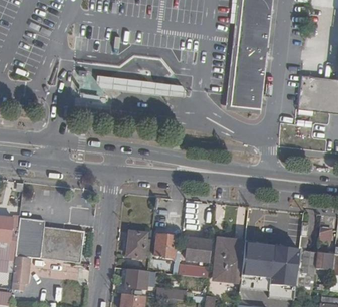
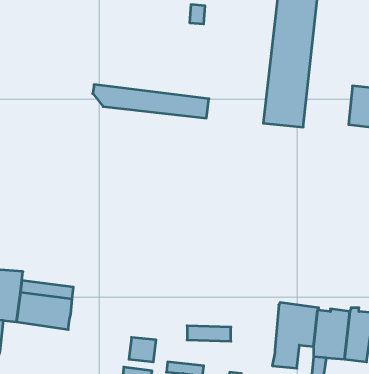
building: [126,231,146,258] -> none
building: [154,234,177,254] -> none
building: [186,237,211,262] -> none
building: [215,240,243,280] -> none

